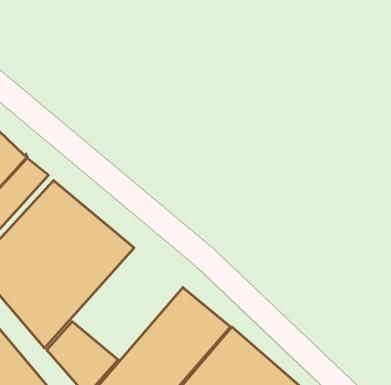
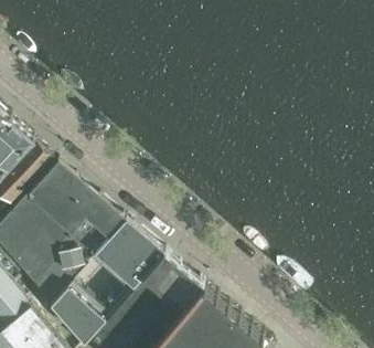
building: none -> [73,219,165,312]

